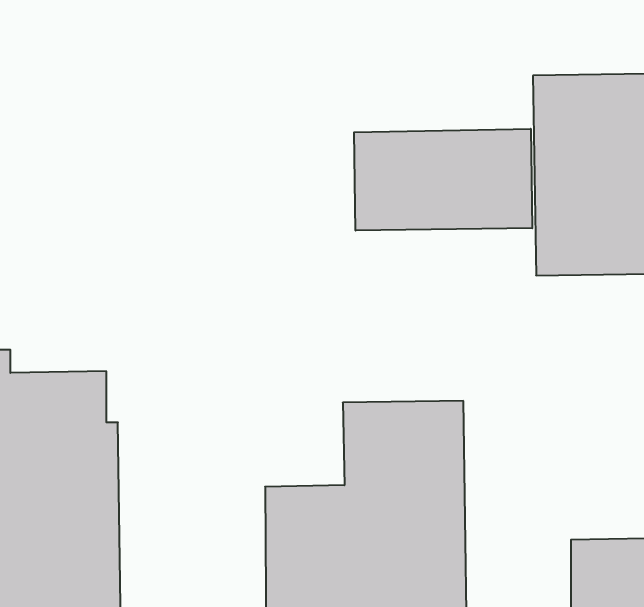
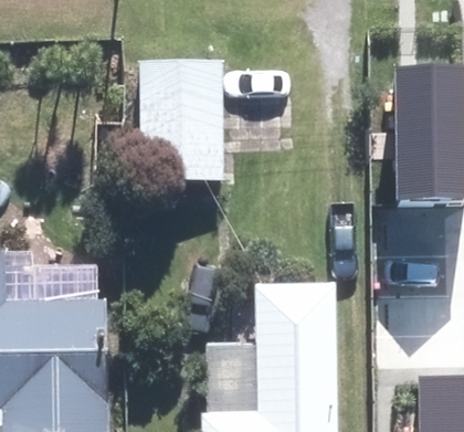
building: none -> [146,61,225,181]
building: [354,129,532,231] -> none

